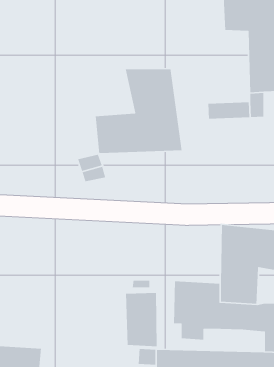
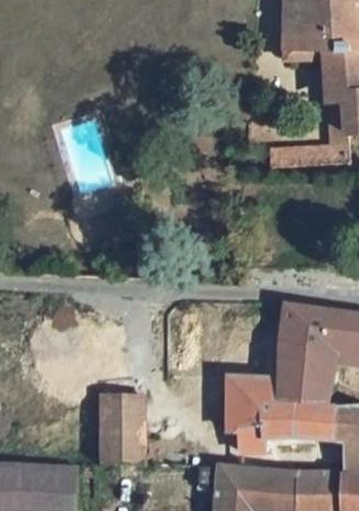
building: [95,68,182,154] -> none
building: [125,292,158,347] -> [89,392,131,462]

